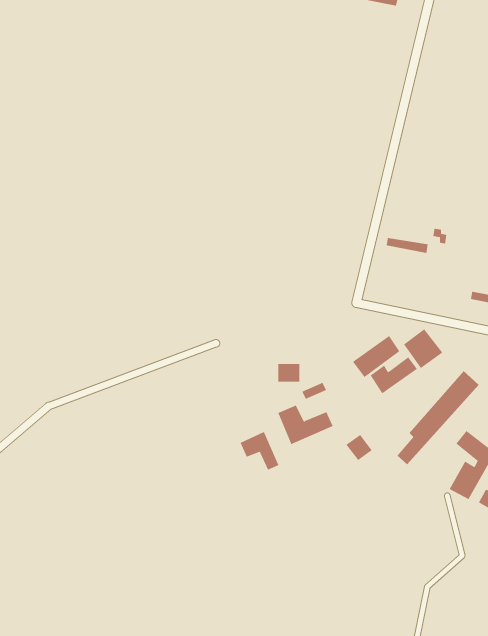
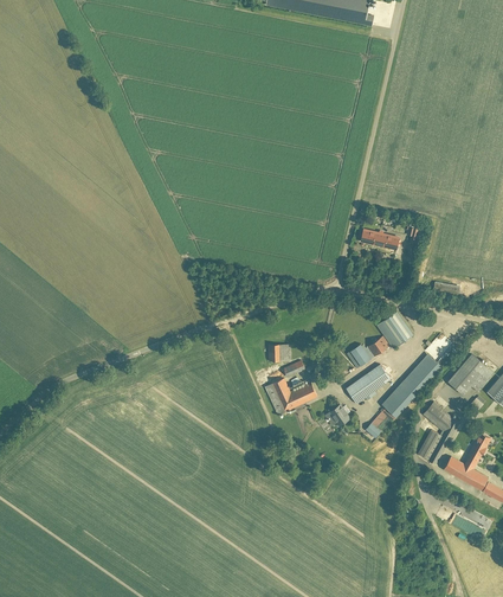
building: [352,335,400,378] -> [346,364,388,402]
building: [240,431,279,470] -> none

